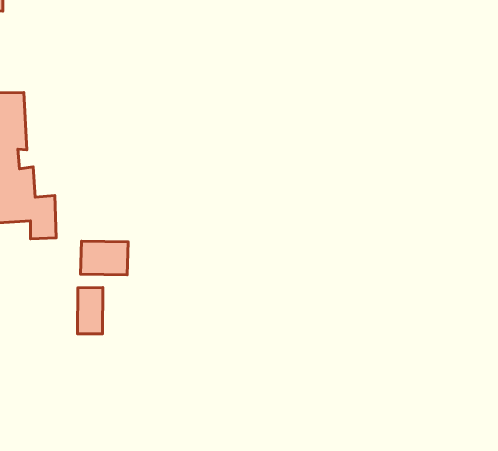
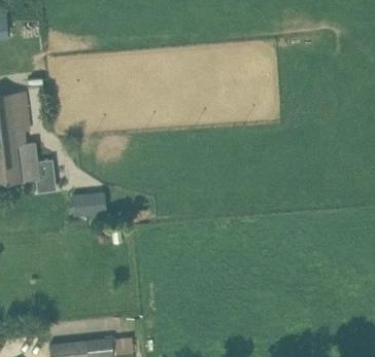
building: [77,288,103,334] -> none

